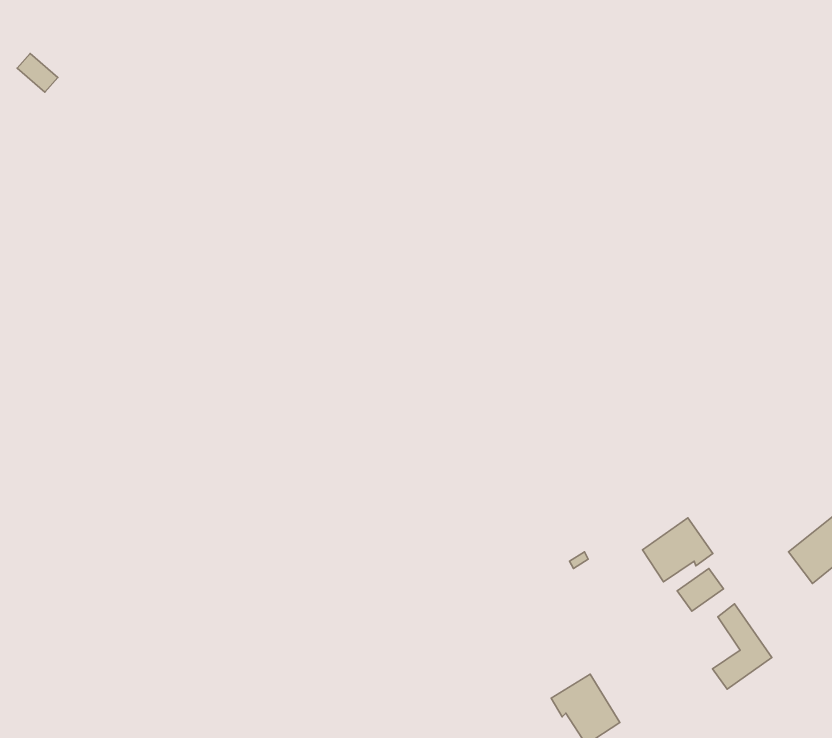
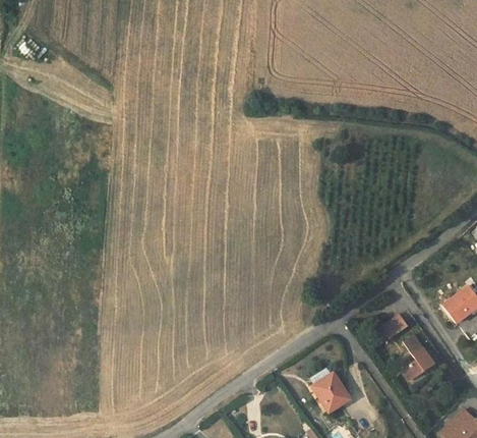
building: [643,518,713,582] -> none

